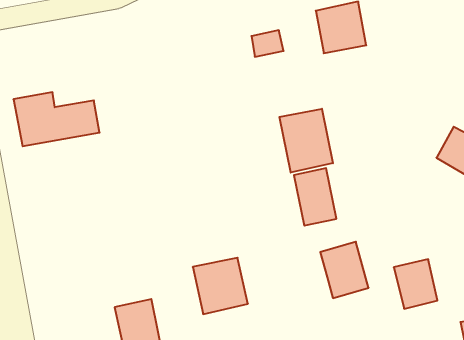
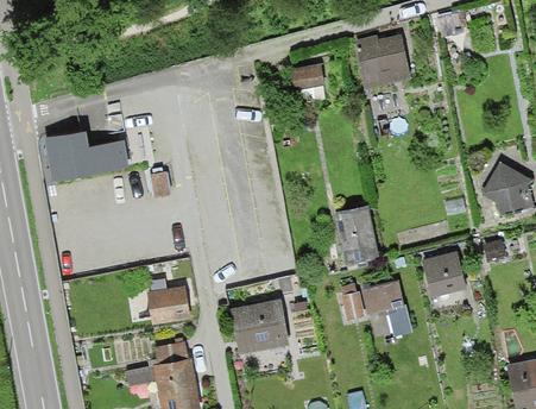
building: [279,109,333,173] -> none
building: none -> [141,284,190,325]
building: [394,259,437,309] -> [421,247,466,298]

